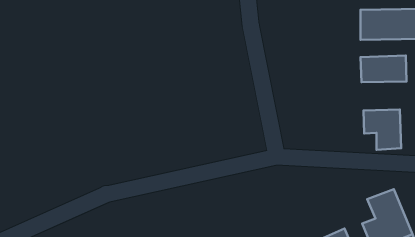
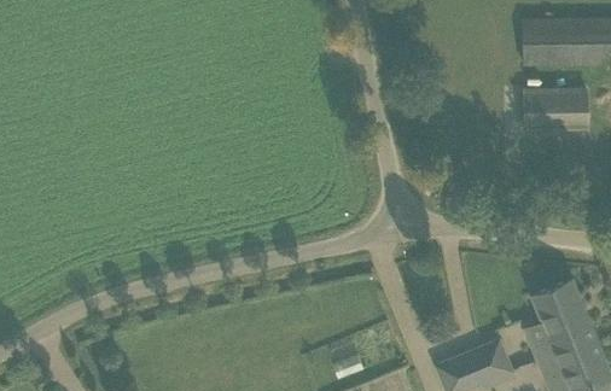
building: [363,109,401,150] -> none

